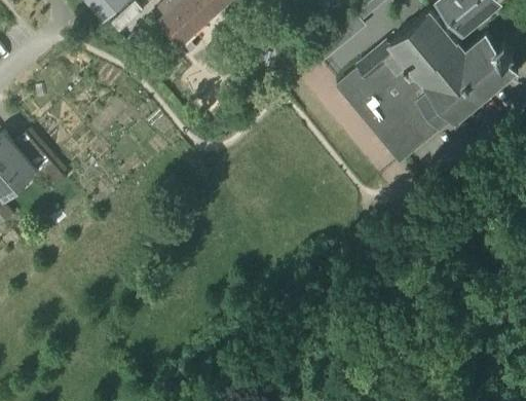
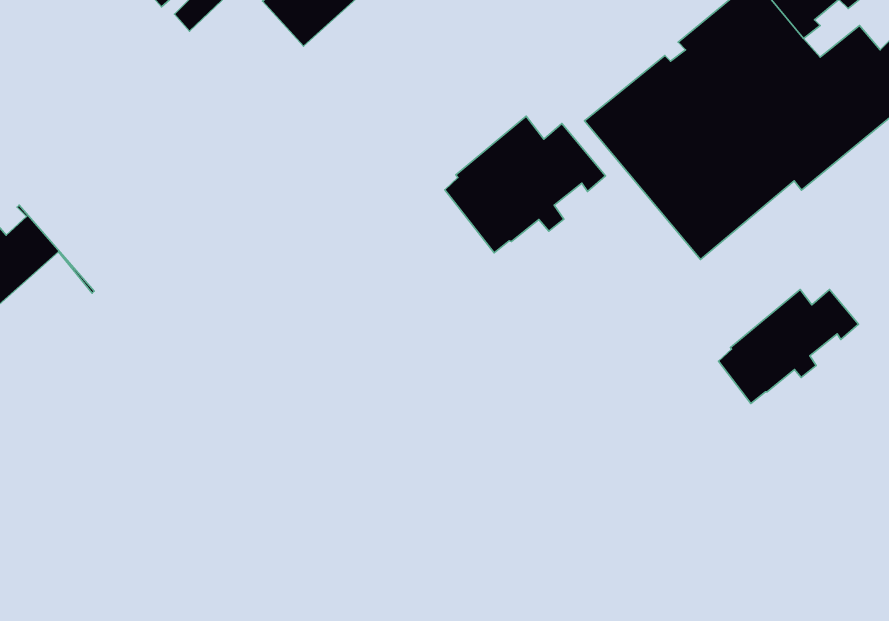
building: none -> [445,116,605,253]
building: none -> [719,289,859,404]

